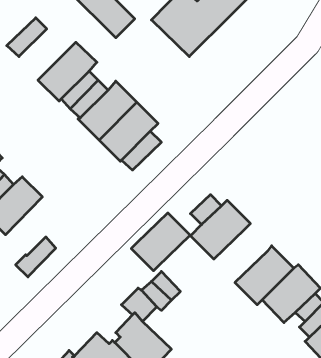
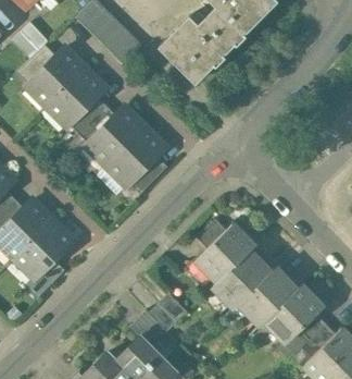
building: none -> [26,48,84,106]
building: none -> [15,220,72,278]
building: [131,213,190,271] -> [213,252,271,308]

